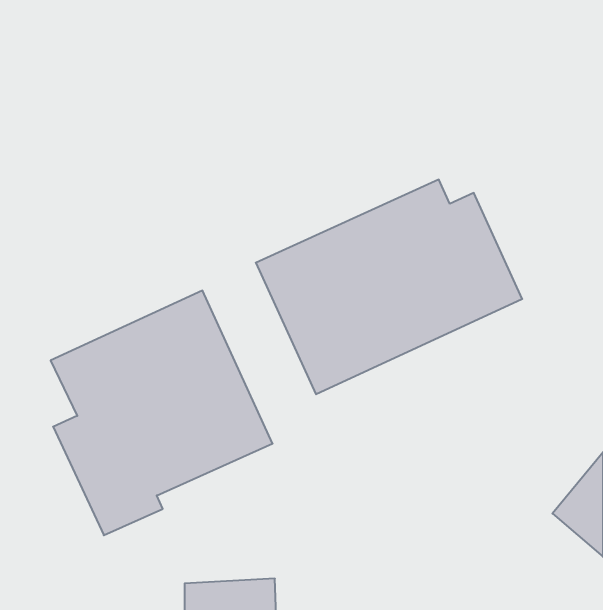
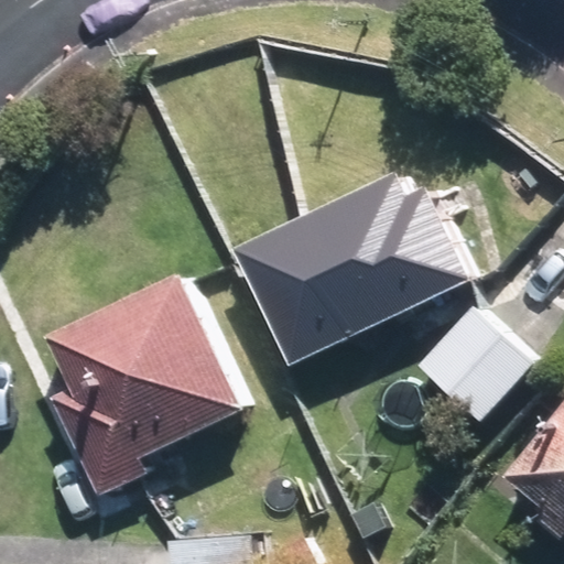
building: none -> [414,306,530,422]

